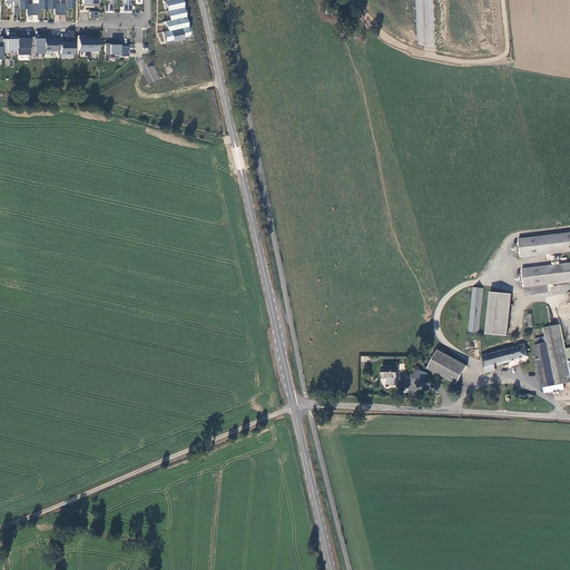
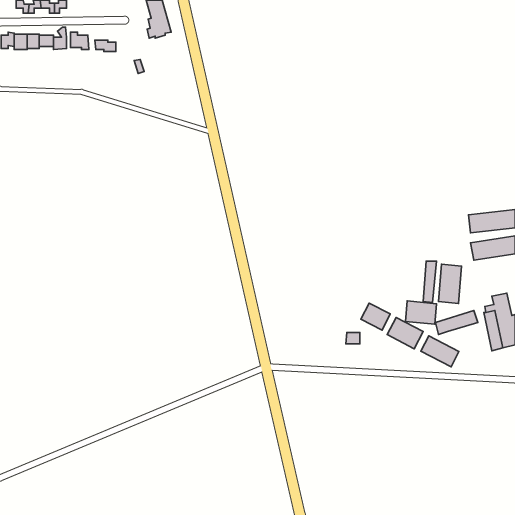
building: none -> [406,301,437,324]
building: none -> [361,303,390,330]
building: none -> [421,336,459,367]

